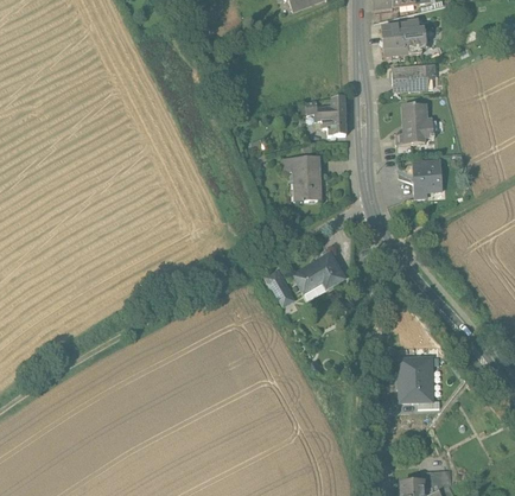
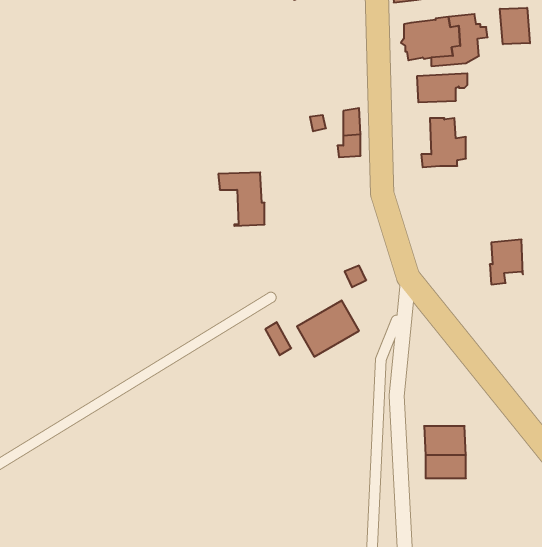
building: none -> [500,8,530,44]
building: [281,155,319,199] -> [218,172,265,226]
building: [413,160,440,197] -> [490,240,523,284]

